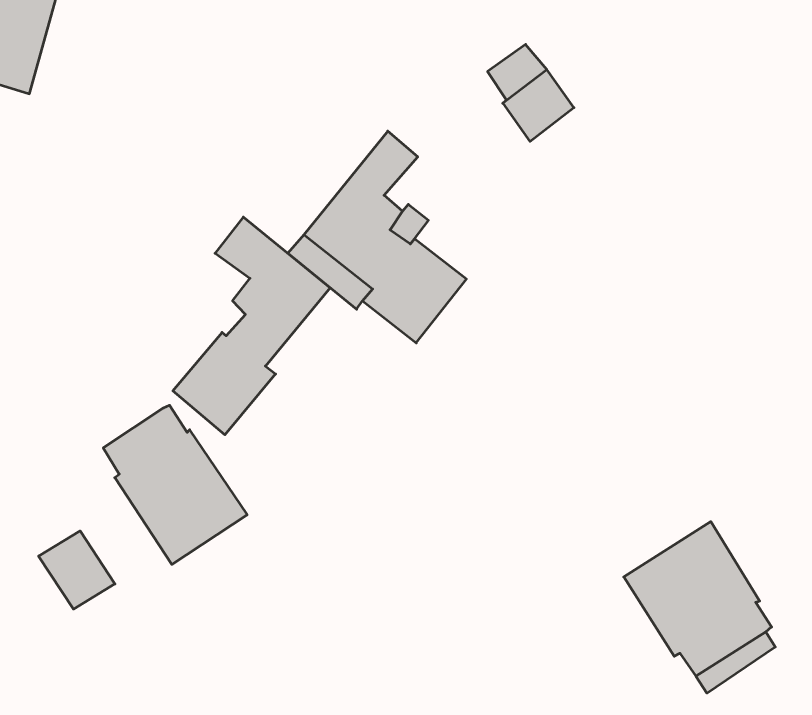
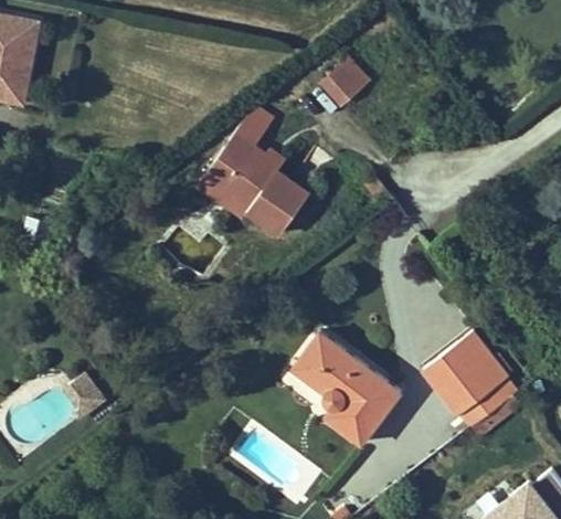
building: [173,217,330,435] -> none
building: [103,405,247,564] -> none
building: none -> [293,332,400,444]

